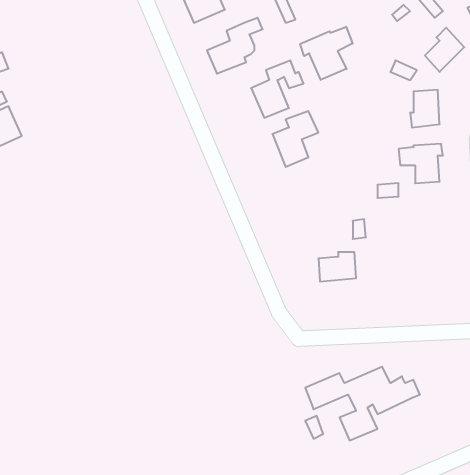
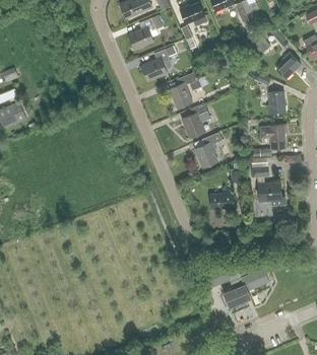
building: [300,27,353,80] -> none
building: none -> [194,132,221,167]
building: none -> [252,166,286,206]

